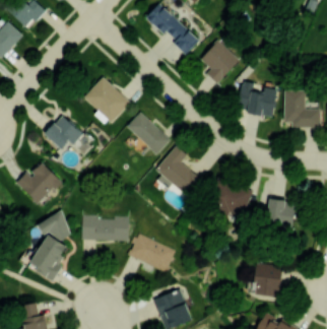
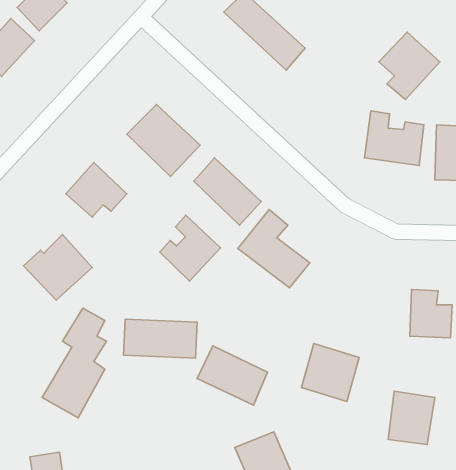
building: [200,40,240,83] -> [379,32,440,99]
building: none -> [160,215,220,281]
building: [213,181,251,218] -> [301,344,359,401]

